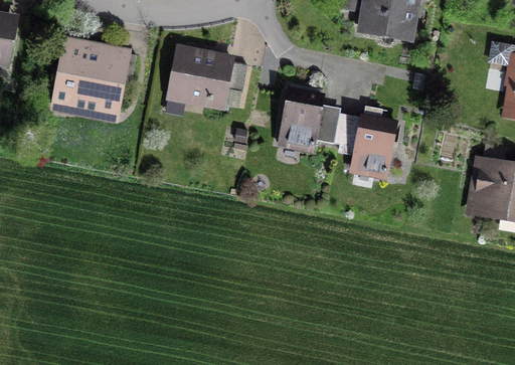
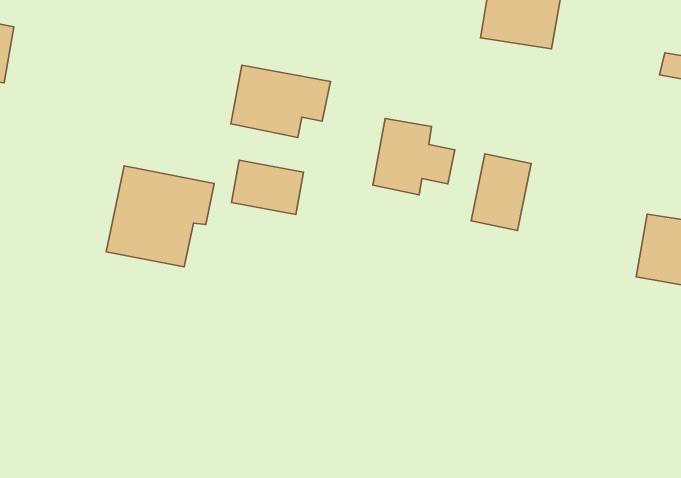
building: [55,41,135,116] -> [106,166,214,267]
building: none -> [231,160,304,215]

